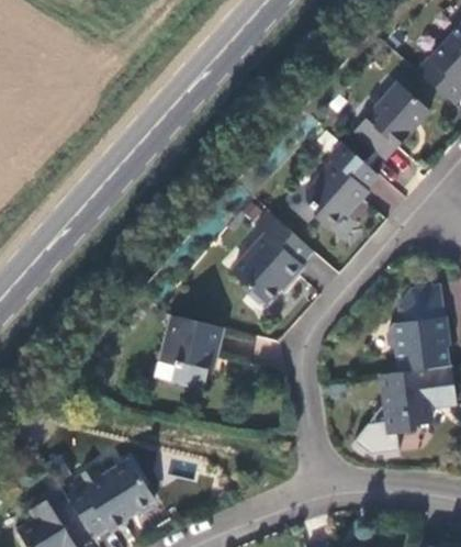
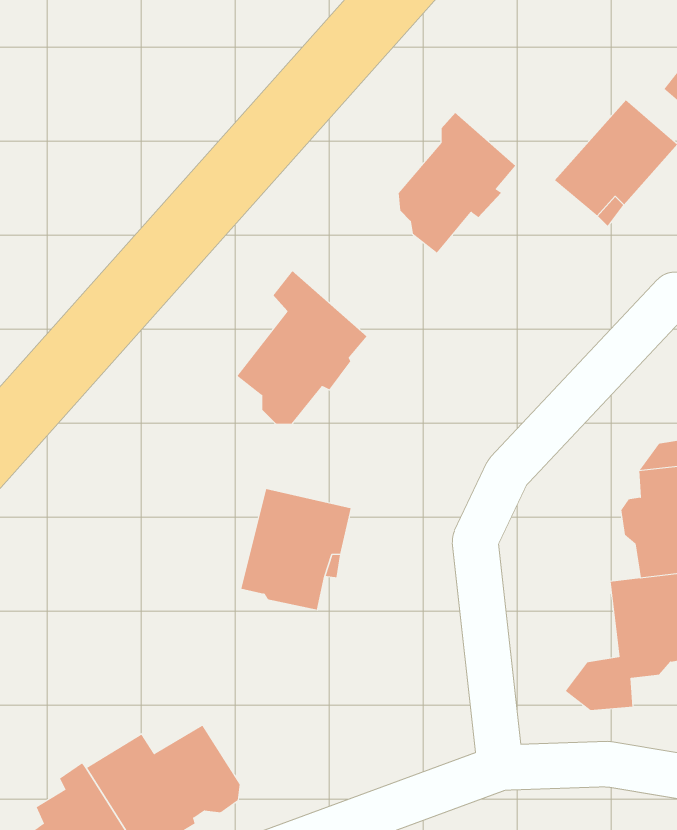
building: [307,143,380,230] -> [398,112,516,254]
building: [235,211,315,305] -> [237,270,367,424]

